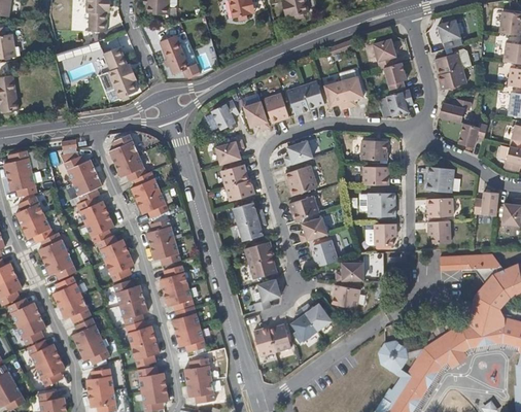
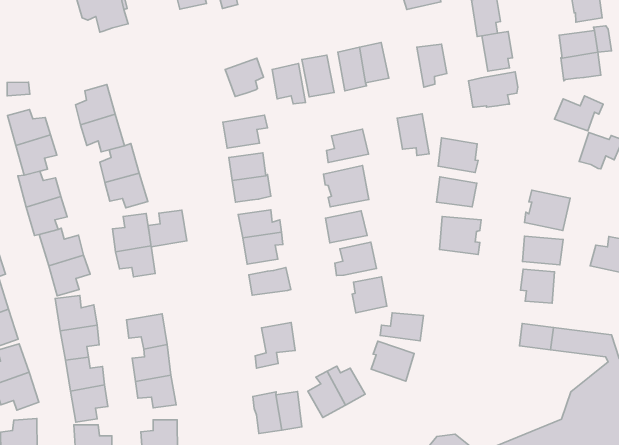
building: [321,80,346,109] -> [397,114,429,155]
building: [376,224,398,245] -> none
building: [247,258,276,280] -> none
building: [160,264,187,291] -> [148,210,187,247]

